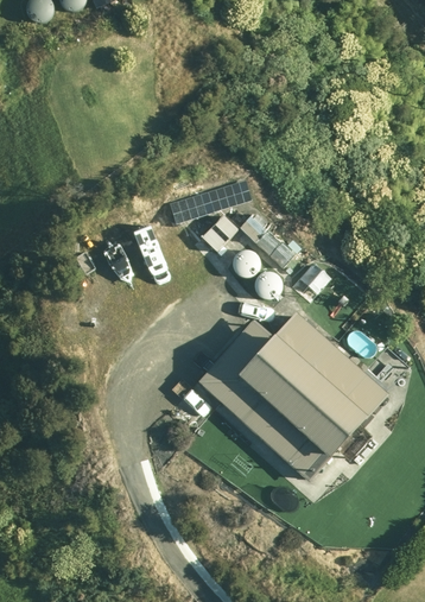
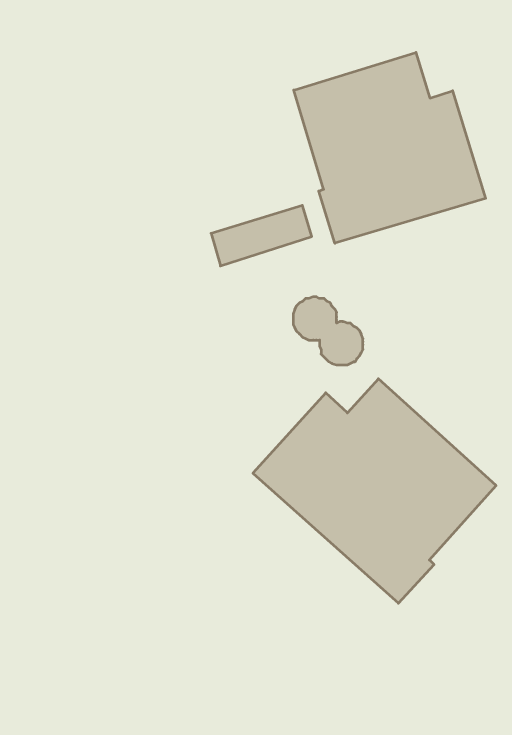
building: none -> [294,52,486,243]

